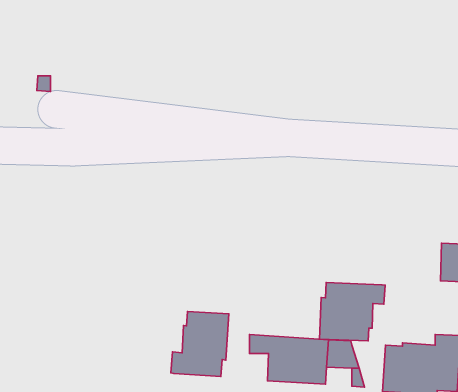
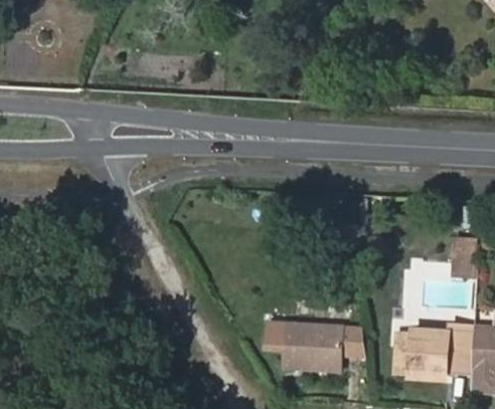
building: [319,283,385,341] -> none
building: [171,312,229,376] -> none

